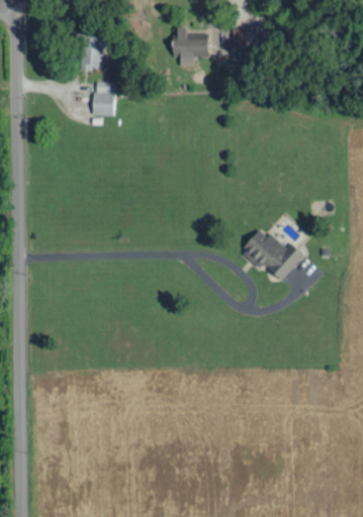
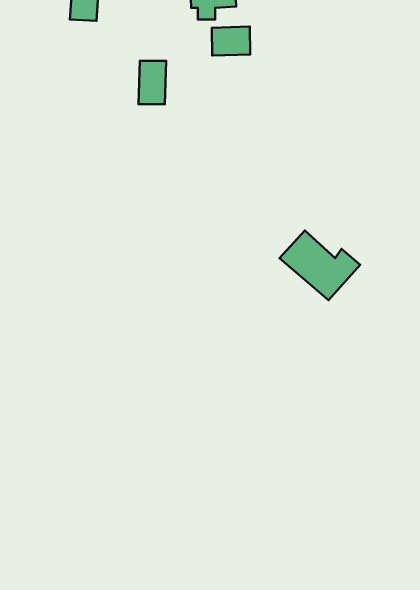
building: none -> [212,26,250,56]
building: [92,82,113,115] -> [139,61,166,104]

